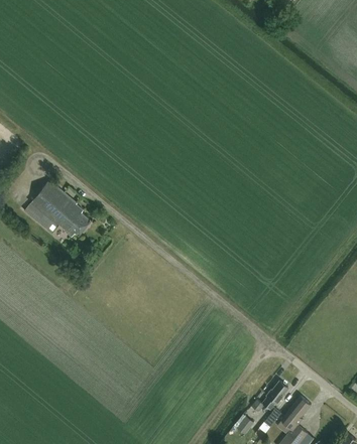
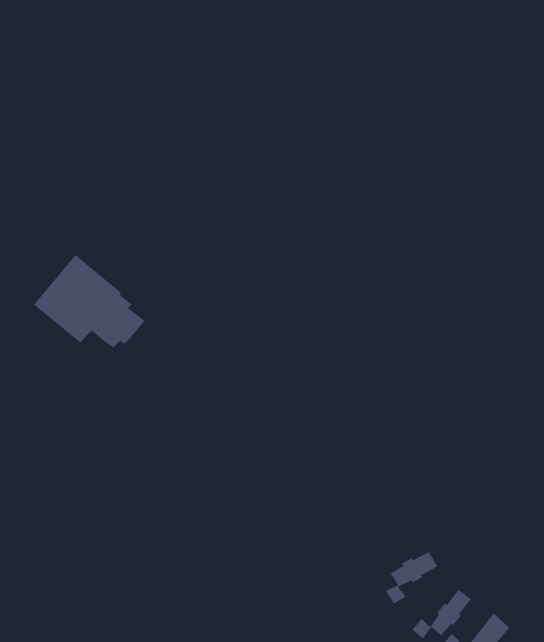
building: none -> [385,551,438,604]

